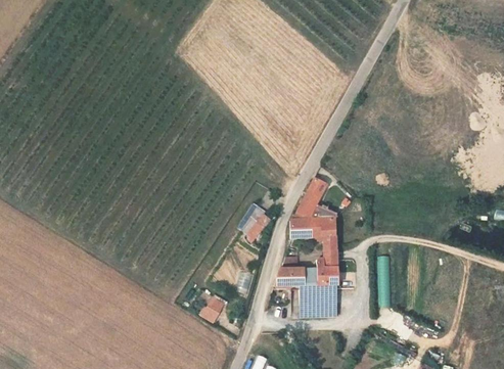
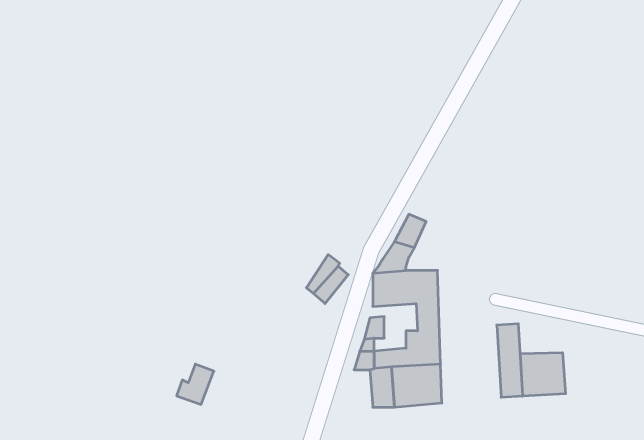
building: none -> [521,353,566,396]
building: [198,293,225,322] -> [177,364,214,404]

